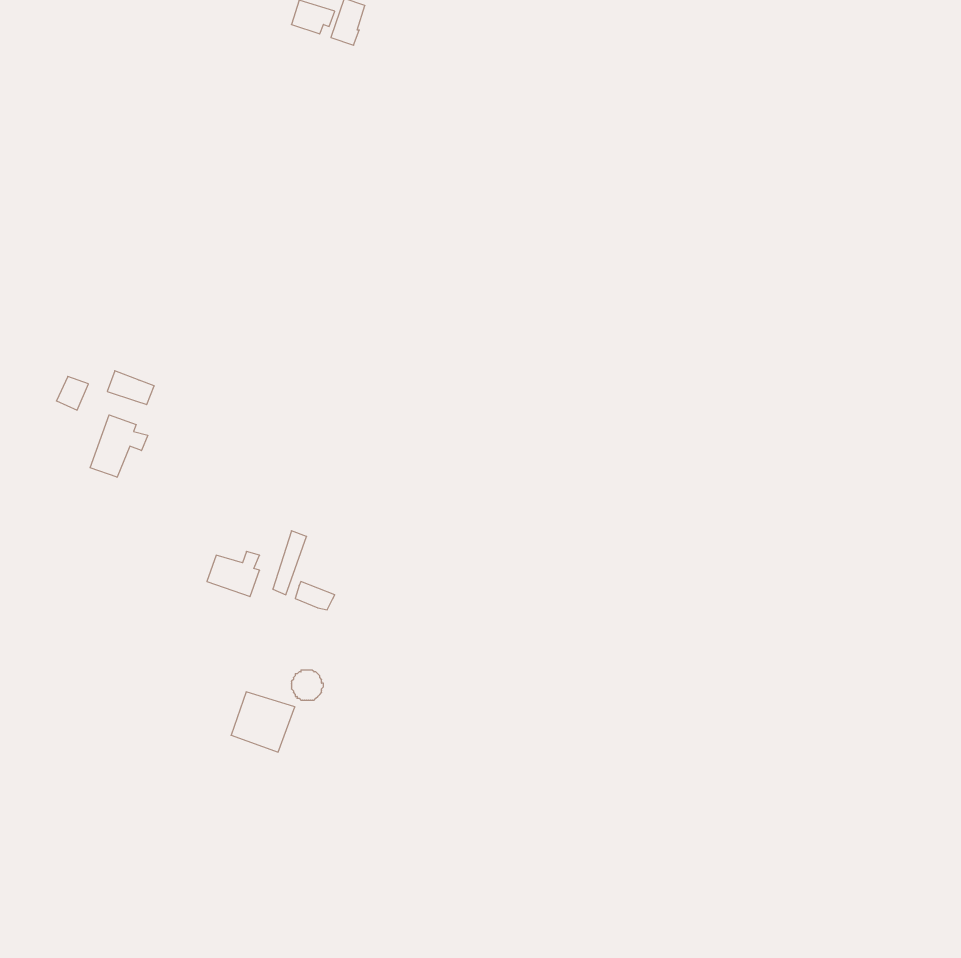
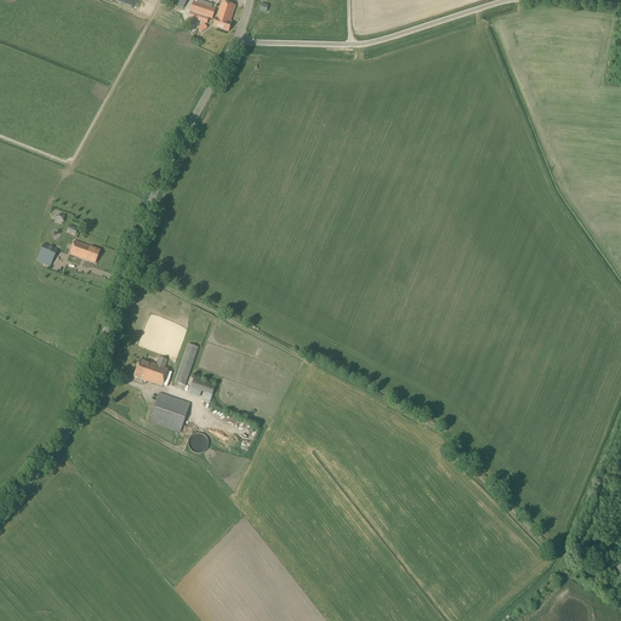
building: [90,415,148,477] -> none
building: [231,692,295,752] -> [149,392,190,431]

